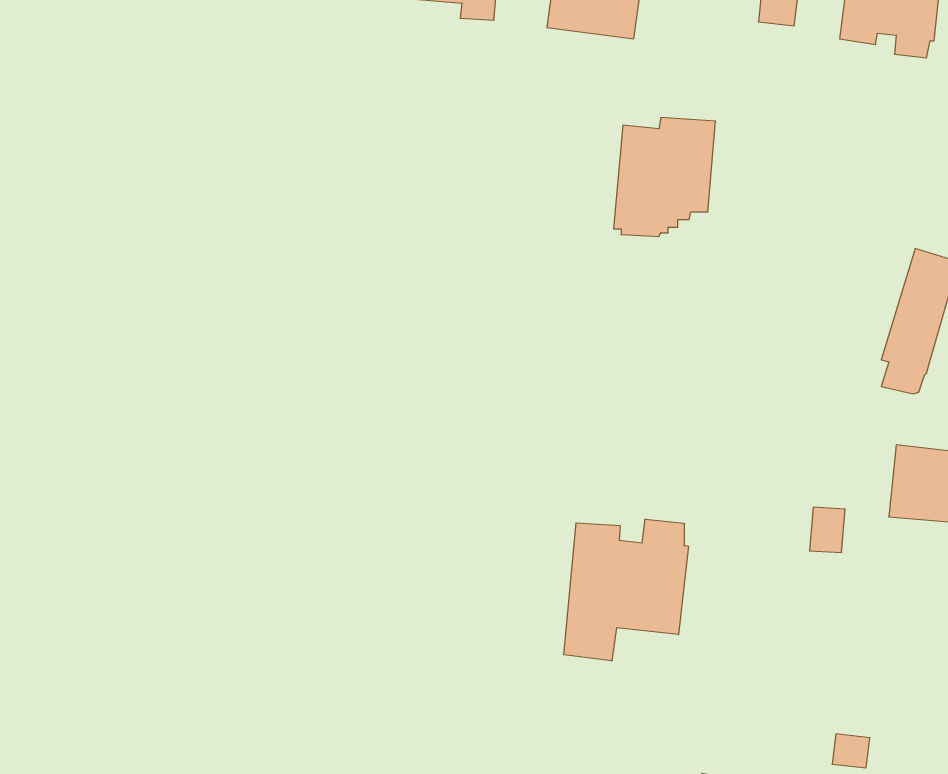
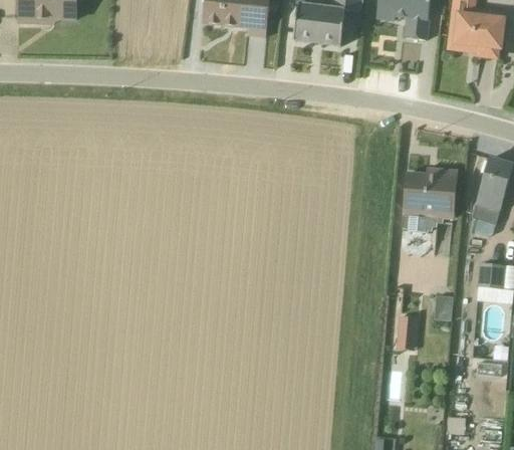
building: [614,118,716,237] -> [403,168,457,231]
building: [564,519,689,661] -> none
building: none -> [397,314,417,349]

